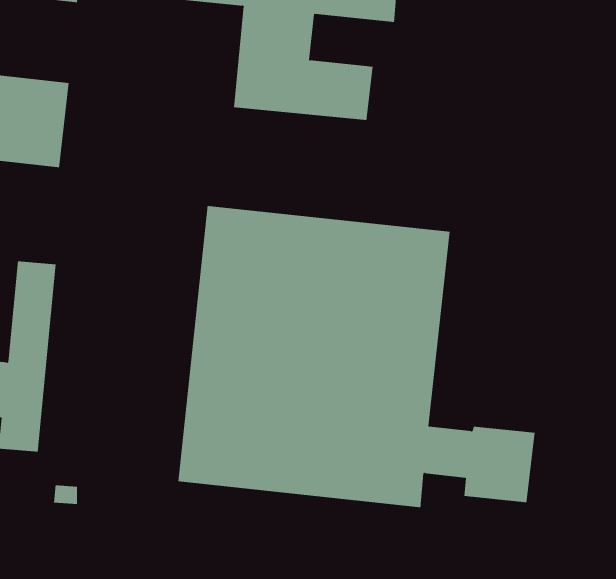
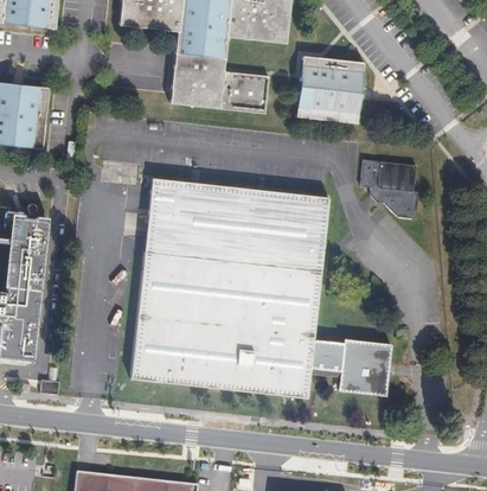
building: none -> [297,55,366,123]
building: none -> [363,157,421,216]

